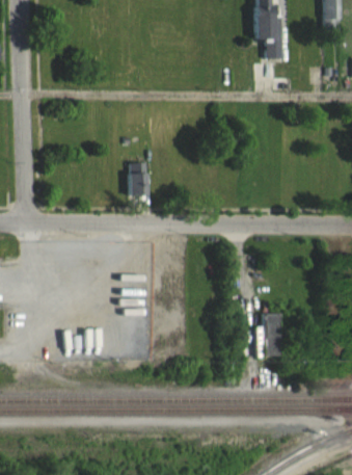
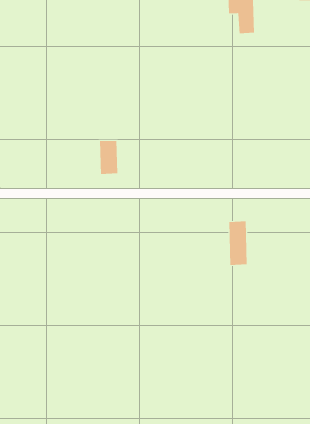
building: [263,313,281,357] -> [228,221,248,265]

